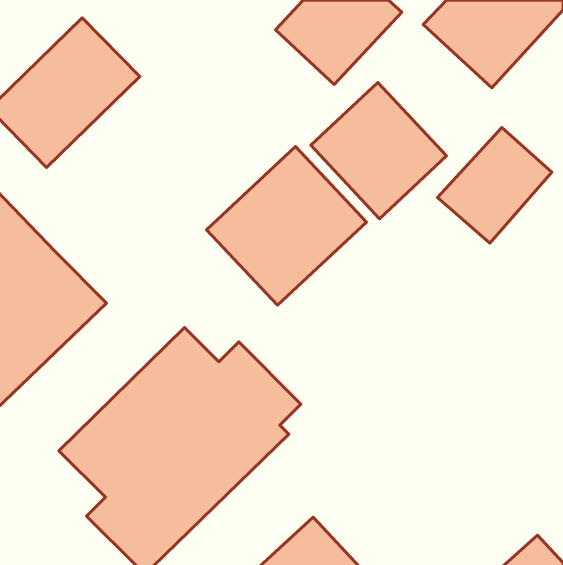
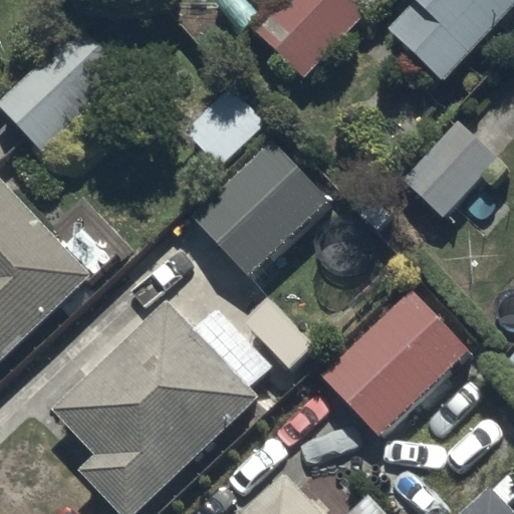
building: [311,82,447,219] -> none
building: none -> [320,291,467,435]

